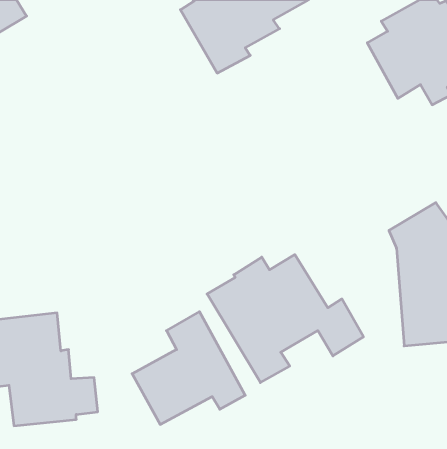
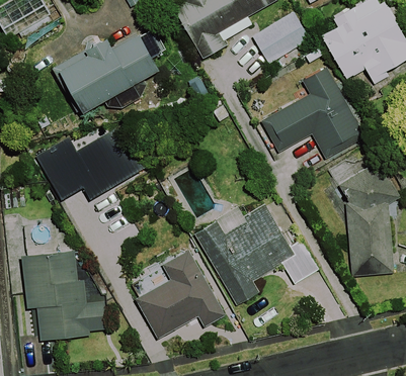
building: none -> [252,10,311,64]
building: none -> [52,29,162,115]
building: none -> [261,67,366,158]
building: none -> [35,121,151,200]

